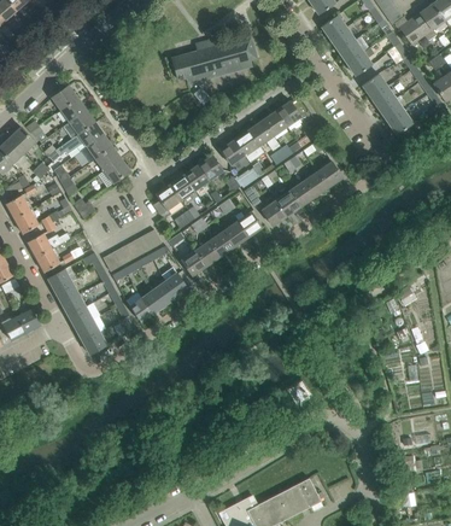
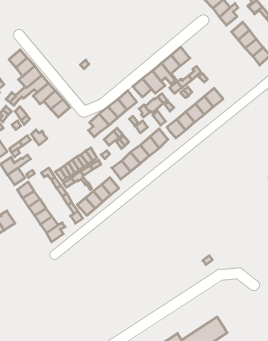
building: [172,37,253,83] -> none

